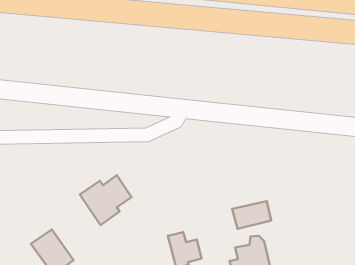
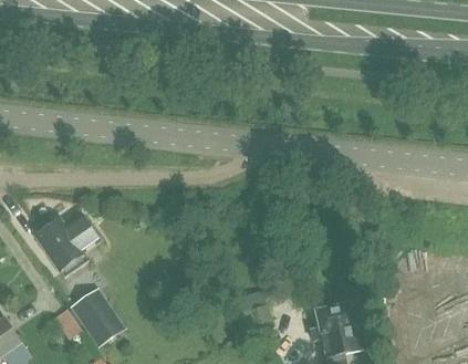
building: [80,175,131,225] -> [35,211,98,272]
building: [232,201,271,229] -> none

